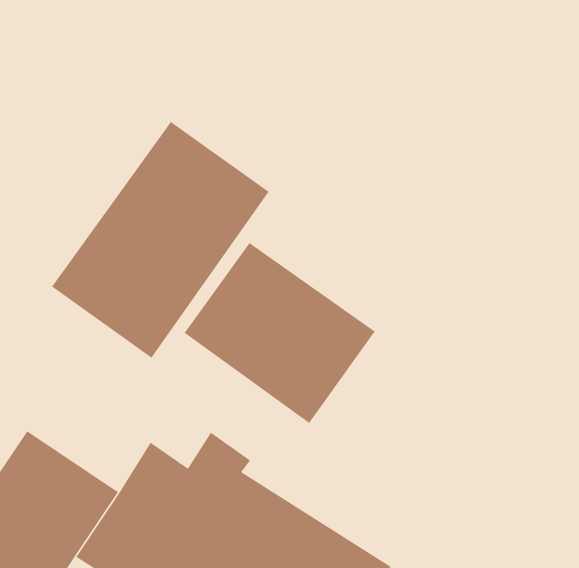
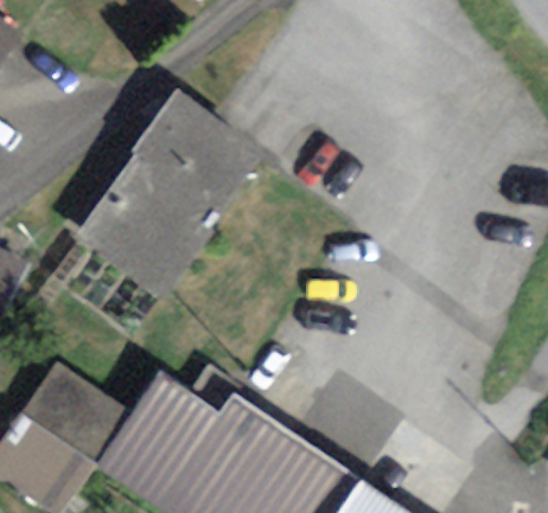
building: [184,242,376,424] -> none

